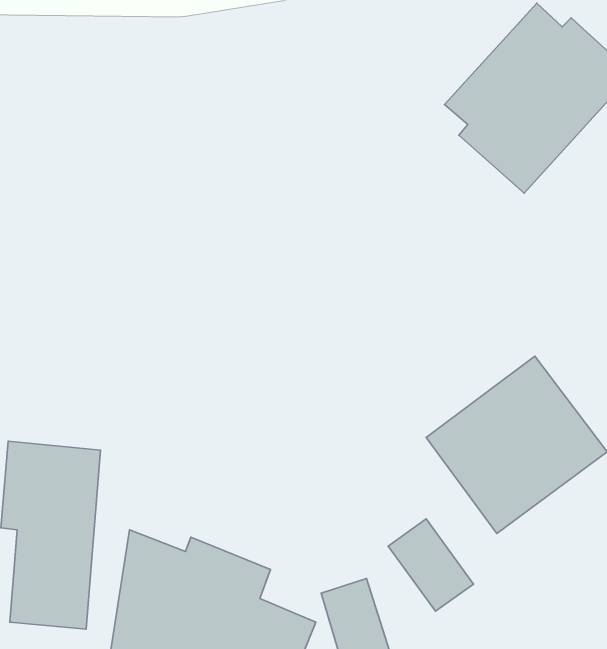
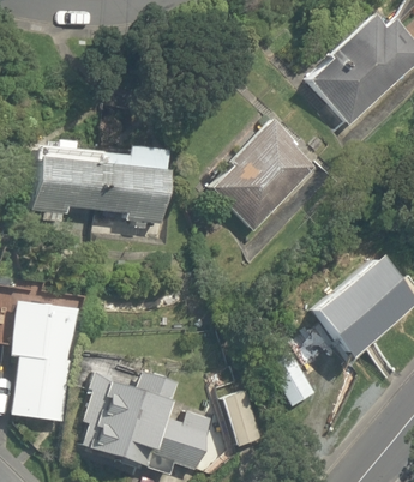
building: none -> [204,120,320,239]
building: none -> [35,143,173,222]

